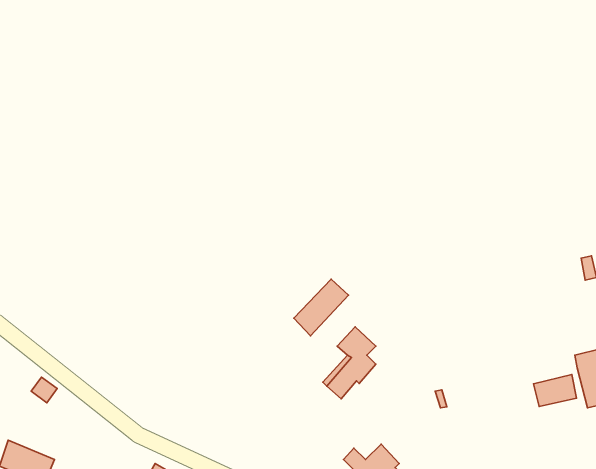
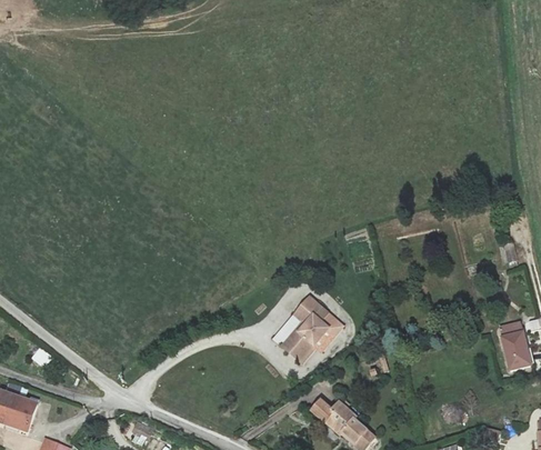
building: [294,279,349,336] -> none
building: [533,374,576,407] -> none

